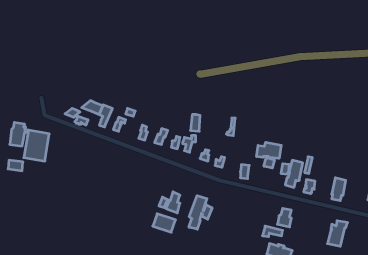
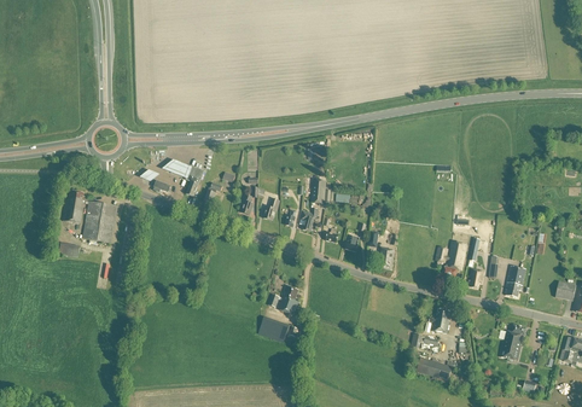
building: [257,142,281,168] -> none
building: [189,196,212,229] -> none

